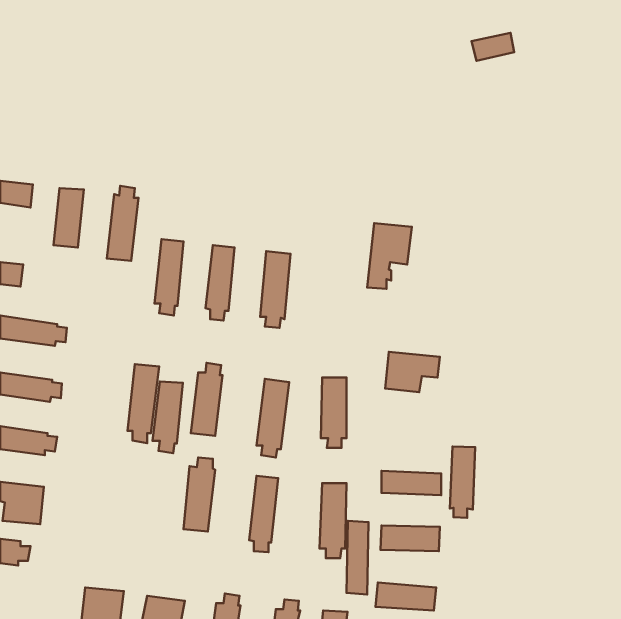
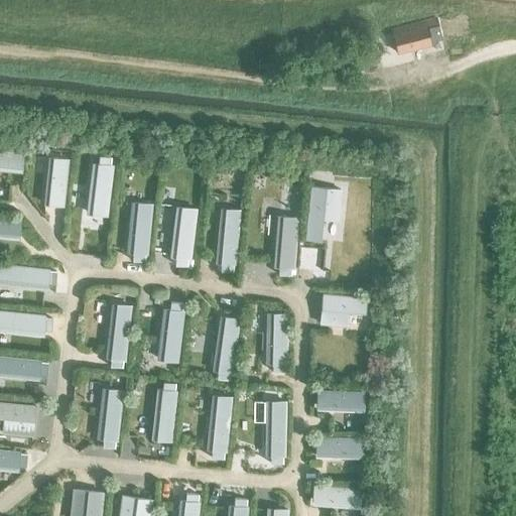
building: none -> [273,217,298,277]
building: [153,381,183,453] -> [96,390,121,449]
building: [450,447,475,518] -> none
building: [346,521,369,594] -> none

